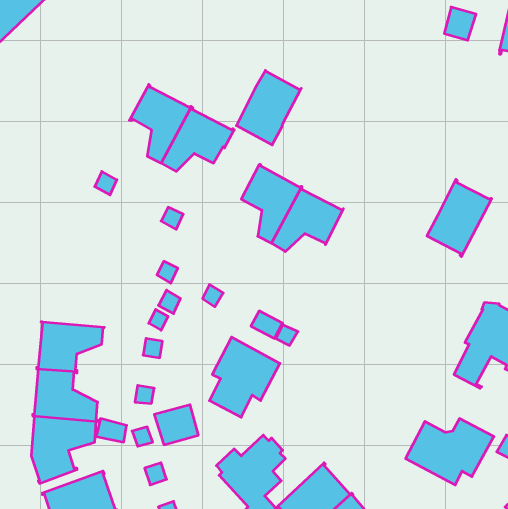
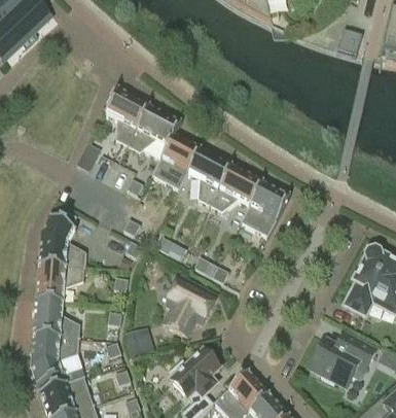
building: [236,70,301,145] -> [151,134,200,189]
building: [427,179,492,257] -> [241,180,289,238]
building: none -> [37,208,84,269]

